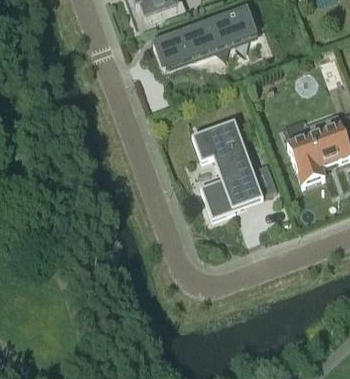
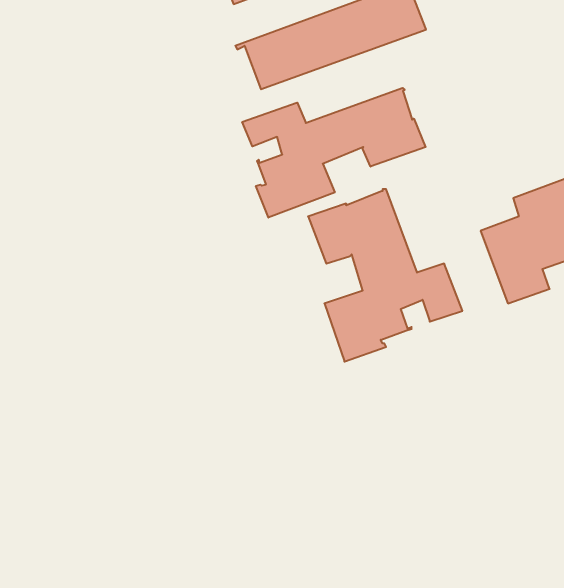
building: none -> [242,88,426,218]

